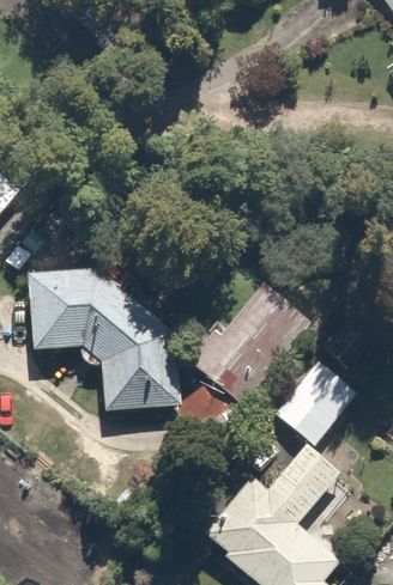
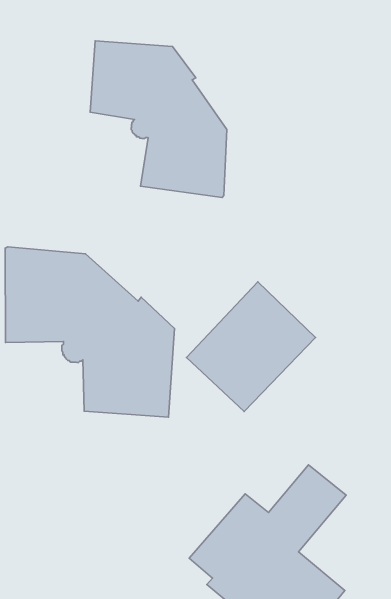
building: none -> [90,41,227,198]
building: [276,360,357,444] -> none

